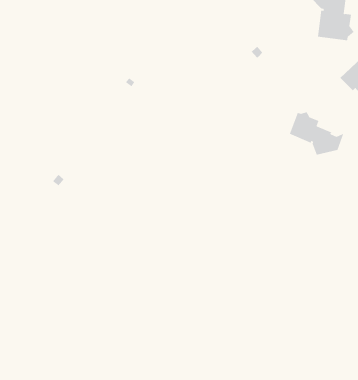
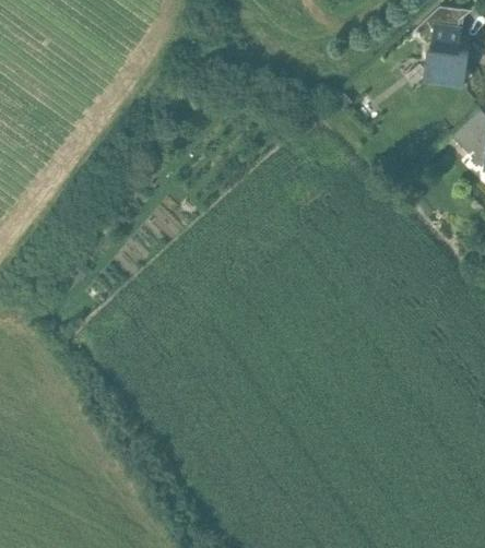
building: [289,111,344,155] -> none

